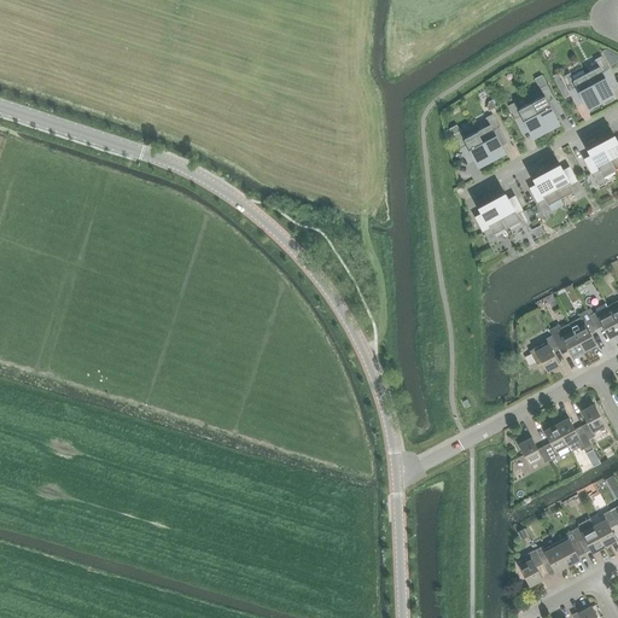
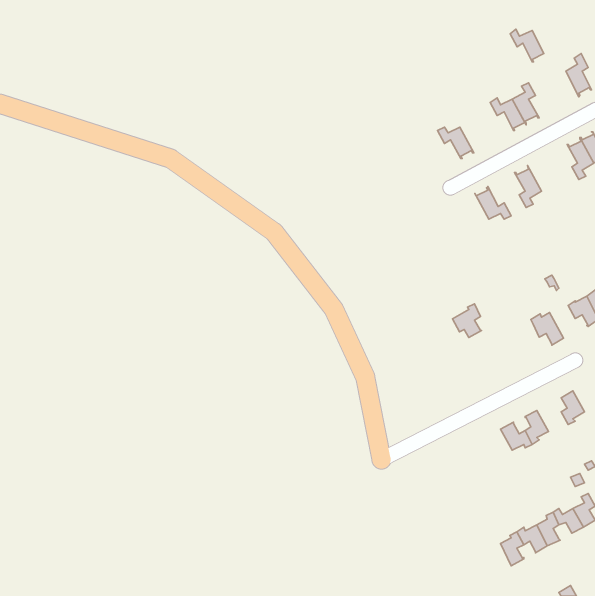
building: [564,72,599,106] -> [510,29,544,62]
building: [477,115,505,158] -> none
building: [547,164,584,198] -> none
building: [479,200,507,244] -> none
building: [570,310,597,350] -> none
building: [530,336,560,371] -> [452,304,482,338]
building: [556,418,591,453] -> none

